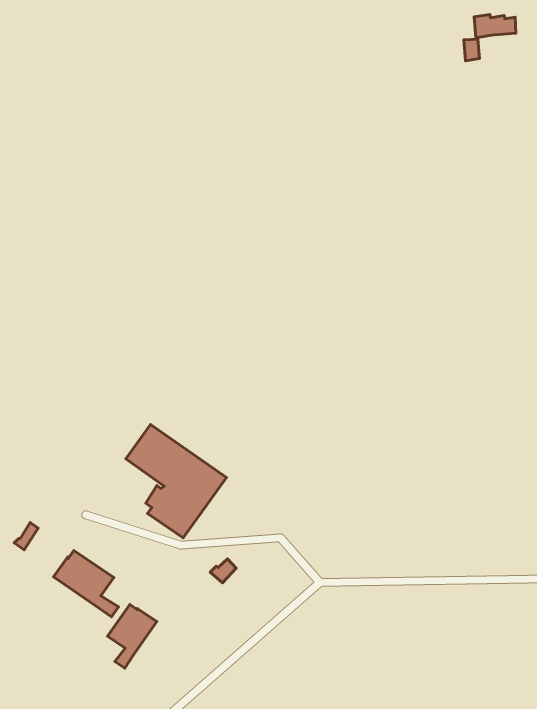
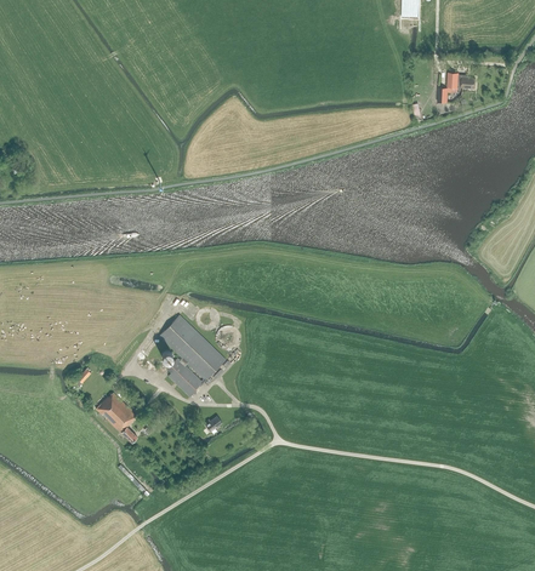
building: [107,605,157,668] -> none

